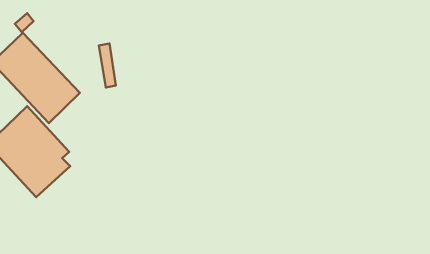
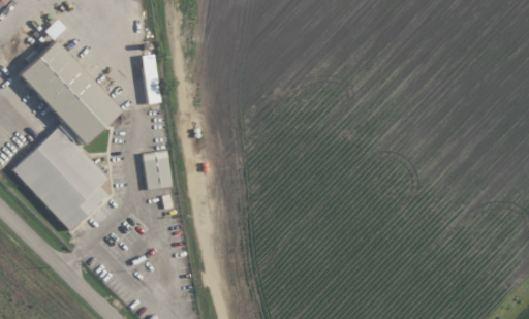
building: none -> [143,150,174,190]

